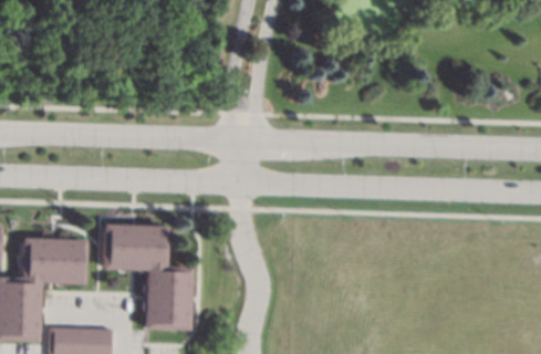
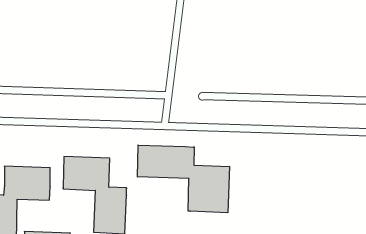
building: none -> [138,145,229,213]

